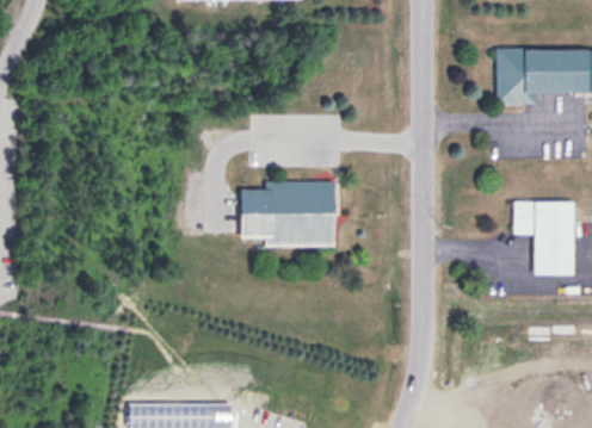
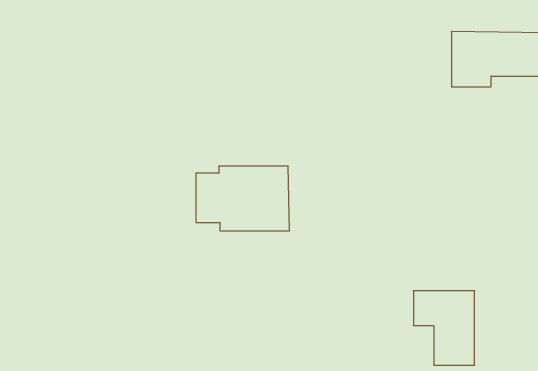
building: [513,200,574,274] -> [413,291,475,365]

